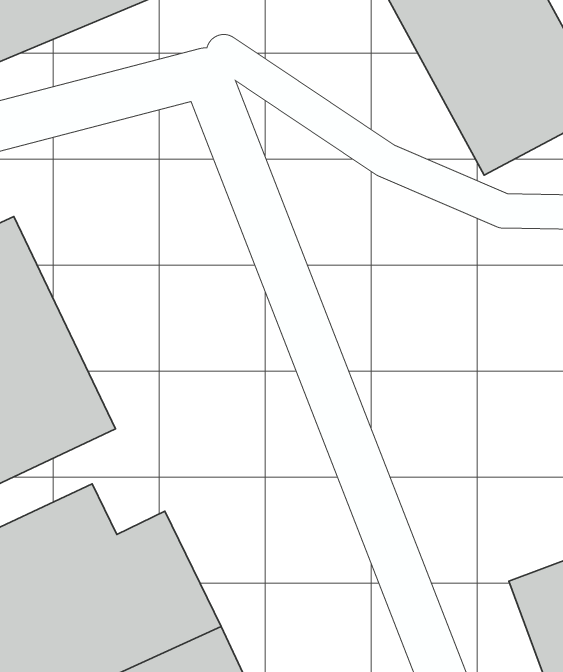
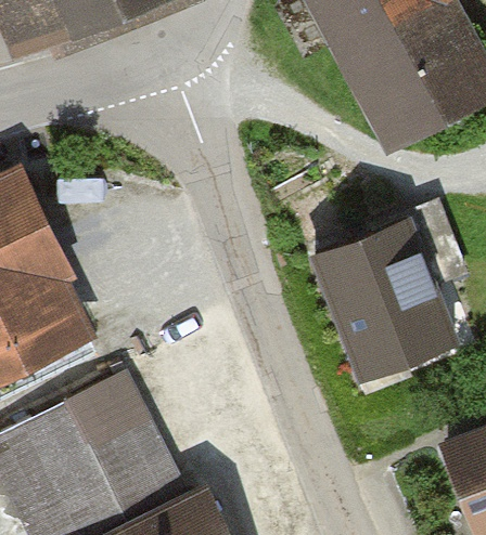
building: none -> [291,197,450,388]

